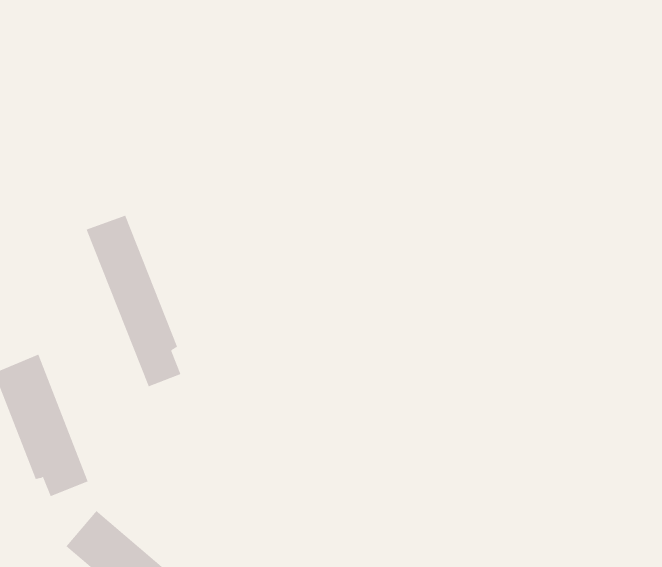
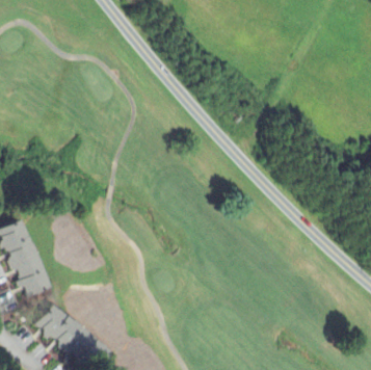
building: [86,215,181,387] -> none

